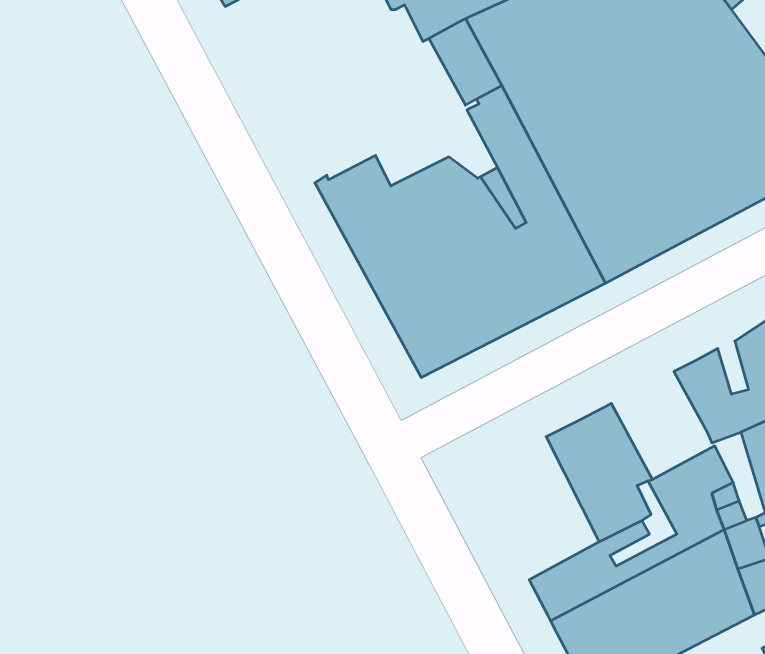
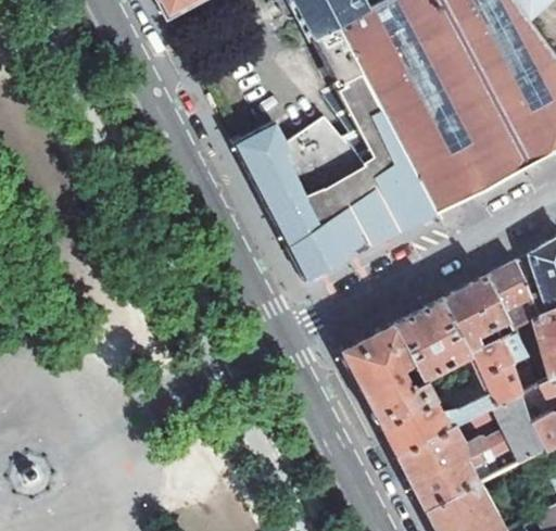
building: none -> [442,276,510,353]
building: none -> [343,323,433,425]

